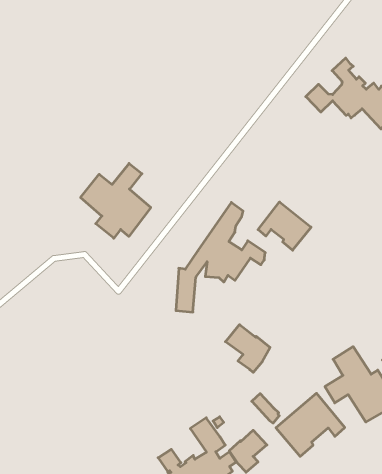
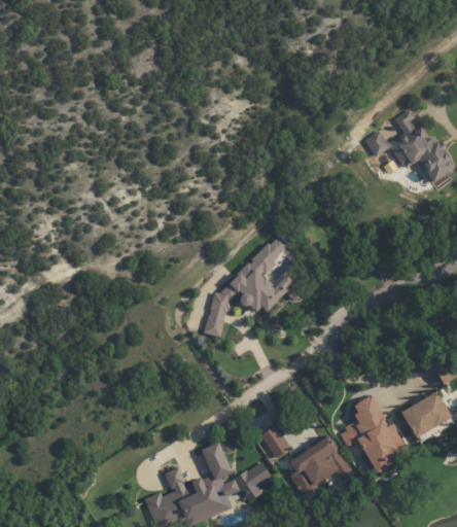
building: [81,163,151,238] -> none
building: [258,202,311,250] -> none
building: [225,325,270,372] -> none

